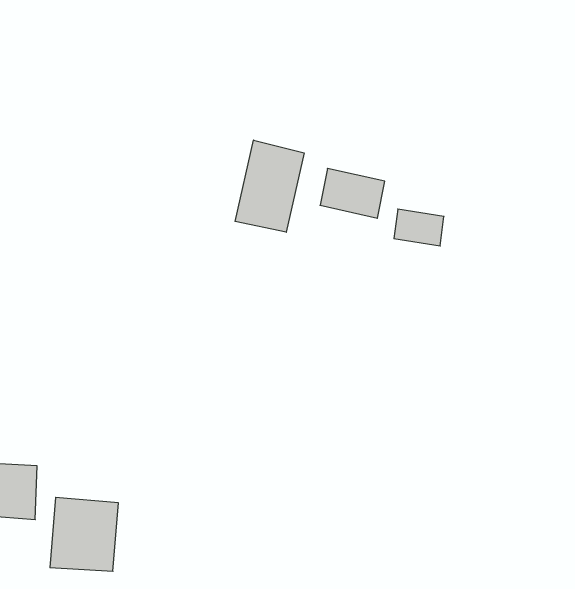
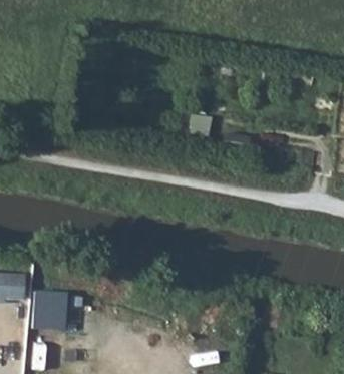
building: [235,140,304,232] -> none

